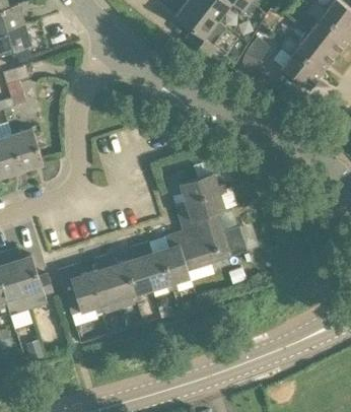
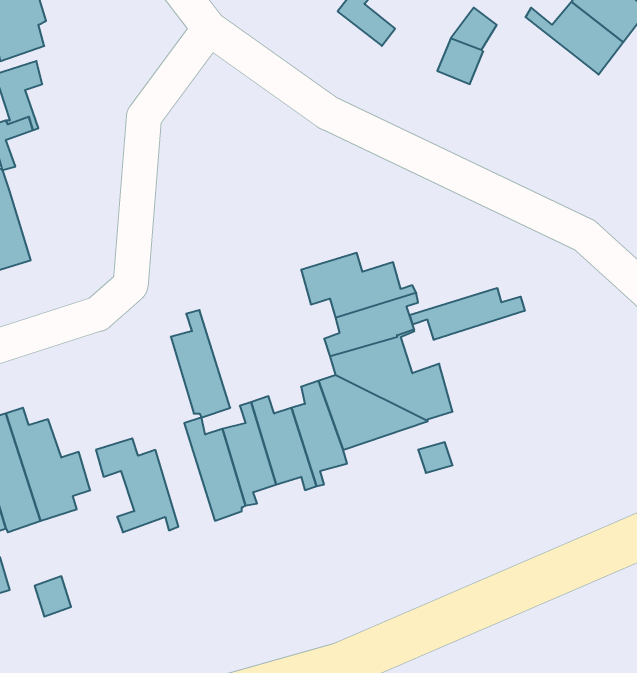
building: [279,42,323,90] -> none
building: [11,128,43,170] -> none
building: none -> [410,288,525,340]
building: [88,257,120,314] -> [171,310,230,417]

